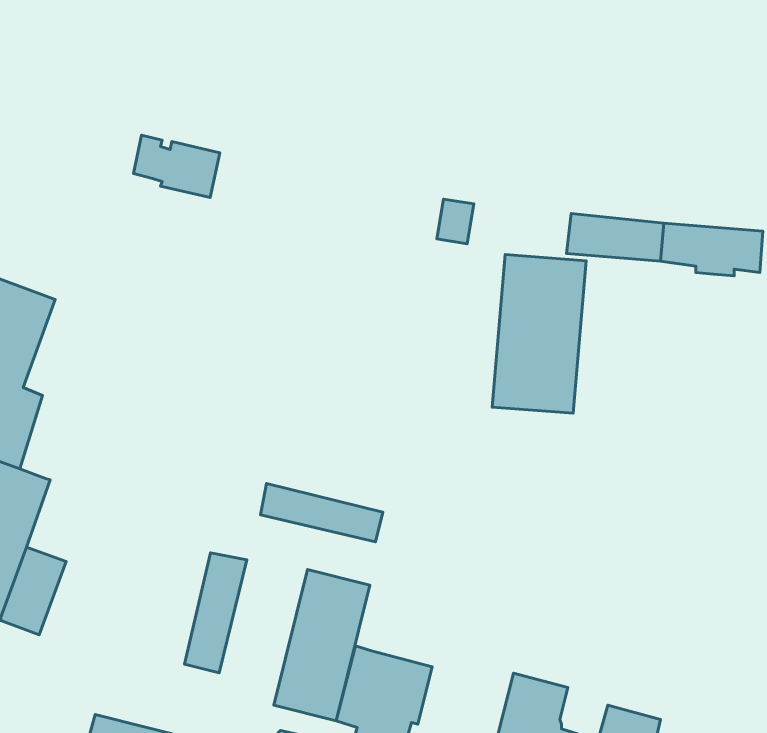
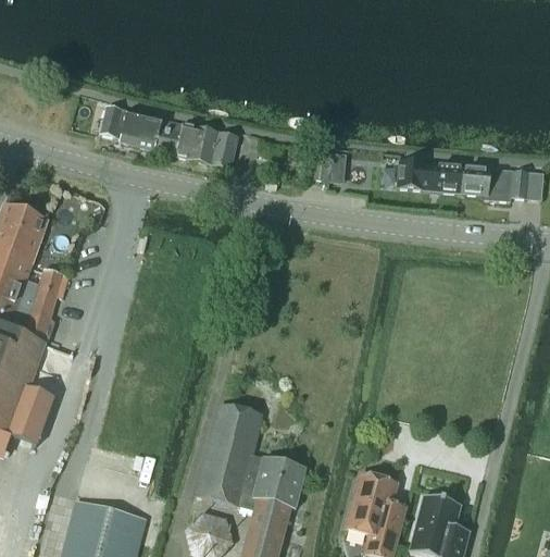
building: none -> [154,117,238,168]
building: [492,255,586,413] -> none
building: none -> [25,268,63,342]
building: [260,483,383,542] -> none
building: [185,553,247,673] -> none

